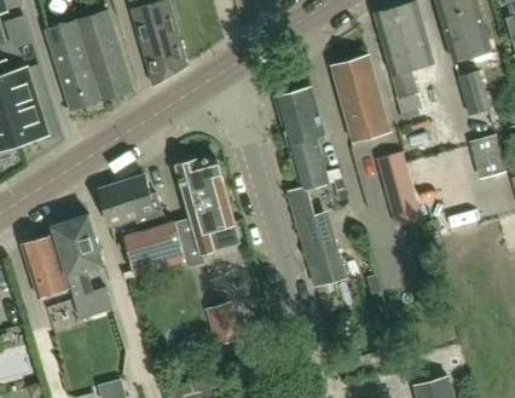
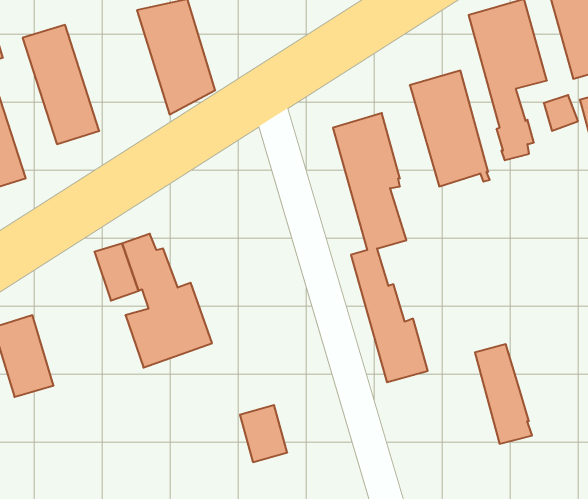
building: [76,11,133,99] -> none
building: [377,154,419,227] -> [475,344,532,444]
building: [175,155,238,269] -> none
building: [52,214,112,318] -> none

